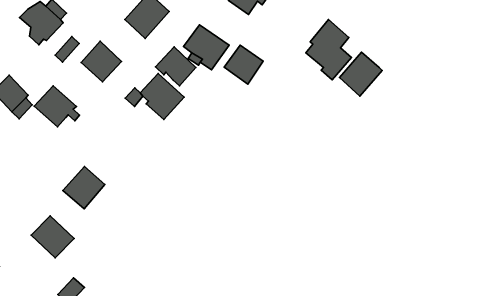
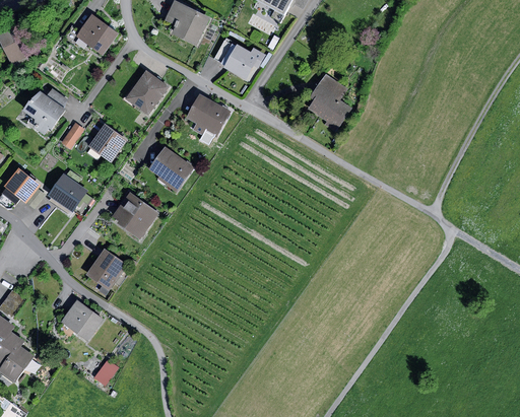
building: [224,45,263,84] -> none
building: [156,47,196,86] -> none
building: [339,52,382,96] -> none
building: none -> [113,192,158,240]

